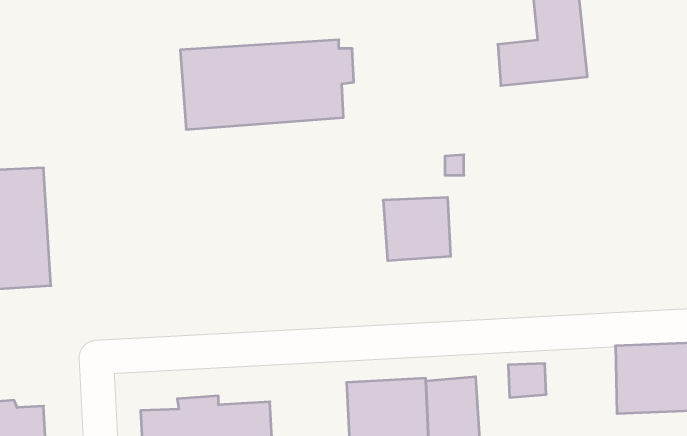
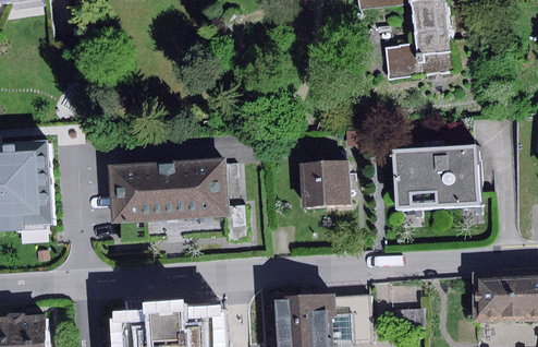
building: [180,40,354,129] -> [110,157,239,224]
building: none -> [392,143,480,207]

